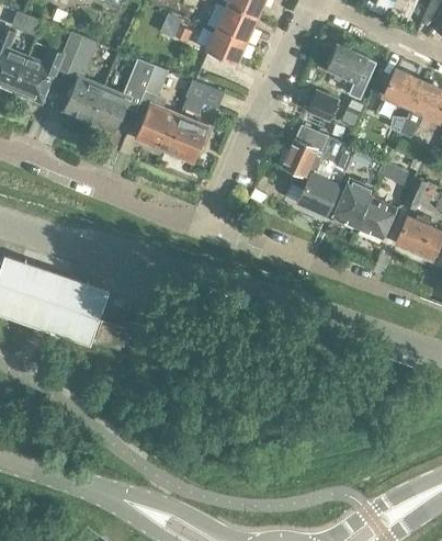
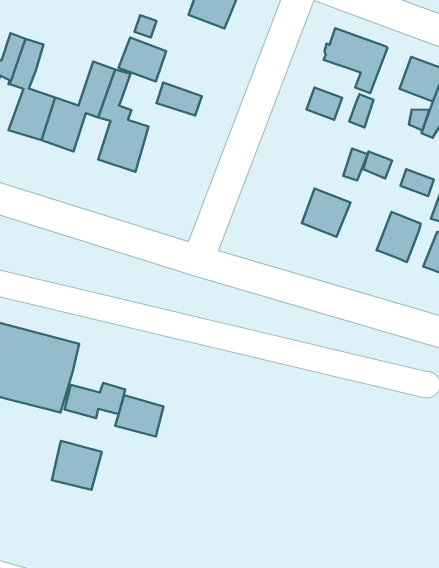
building: [205,26,245,64] -> [119,37,166,82]
building: [165,115,207,164] -> none
building: [281,126,327,178] -> none
building: [331,179,373,228] -> none
building: none -> [115,395,164,437]
building: none -> [52,441,102,490]

